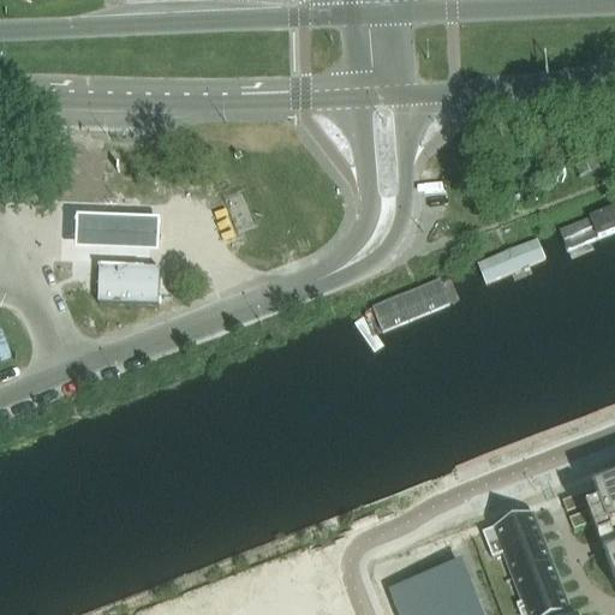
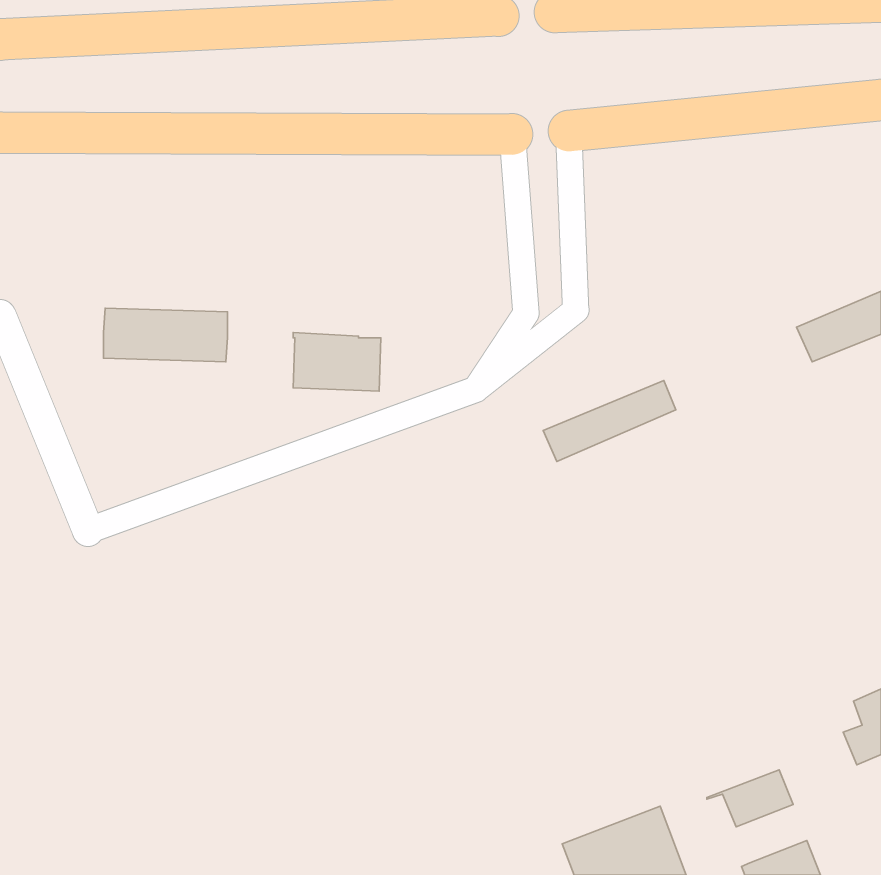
building: [476,235,545,281] -> none
building: [98,264,160,305] -> [293,333,381,391]
building: [483,512,543,556] -> none
building: [513,561,562,602] -> none

